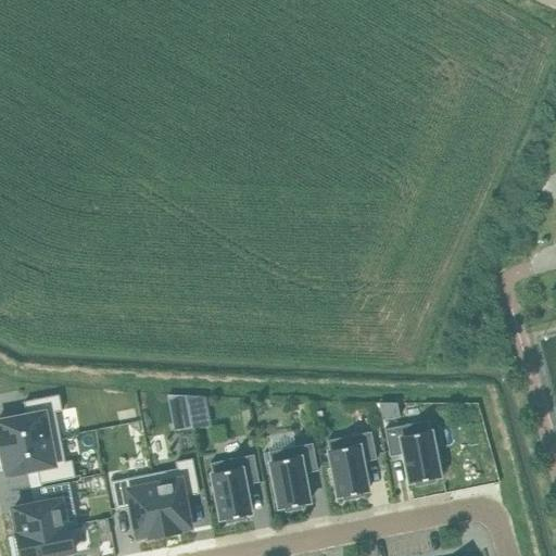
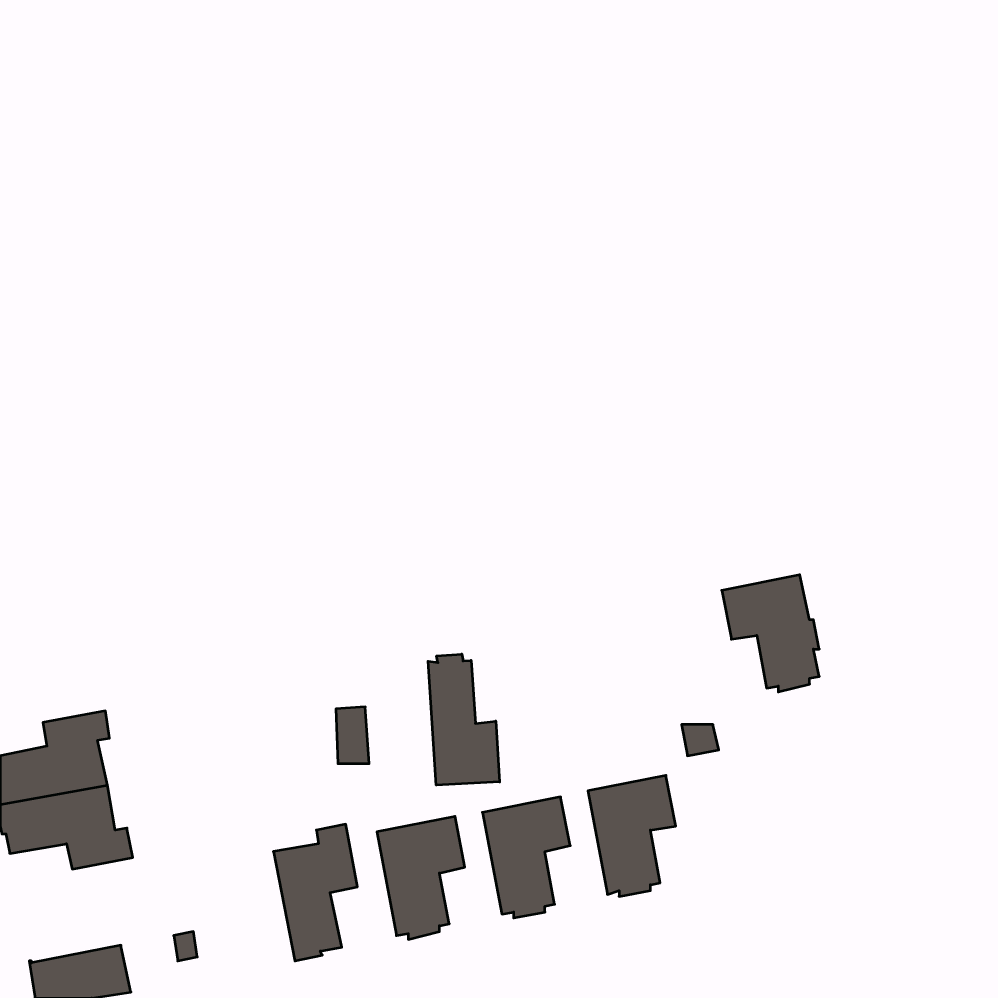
building: none -> [428,654,500,785]
building: [384,420,439,485] -> [722,575,819,692]
building: [111,473,164,538] -> none
building: [12,482,77,535] -> none

